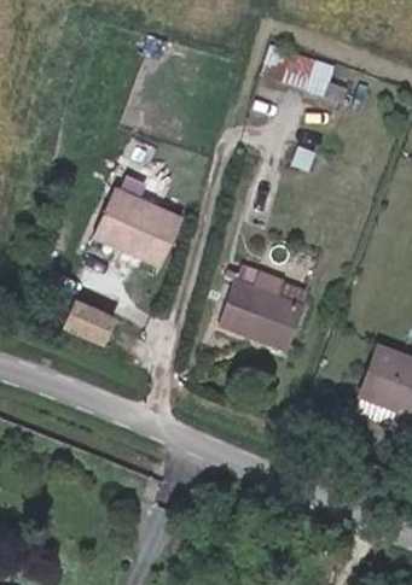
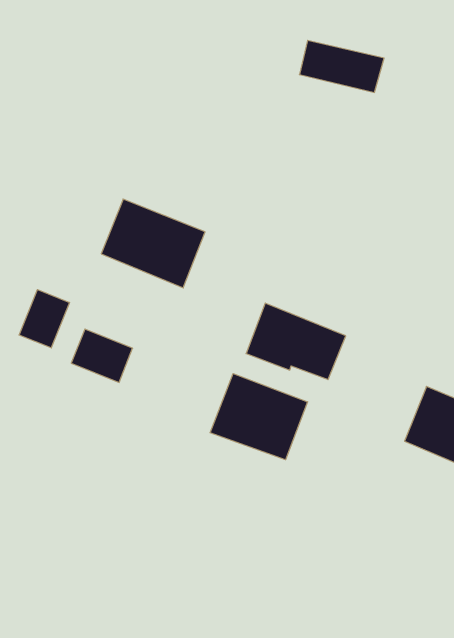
building: none -> [19,290,69,348]
building: none -> [210,374,308,460]

